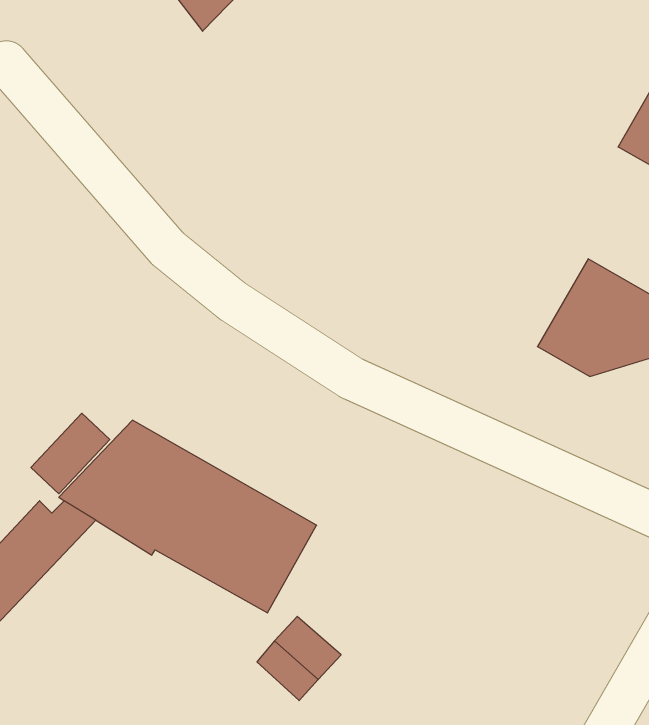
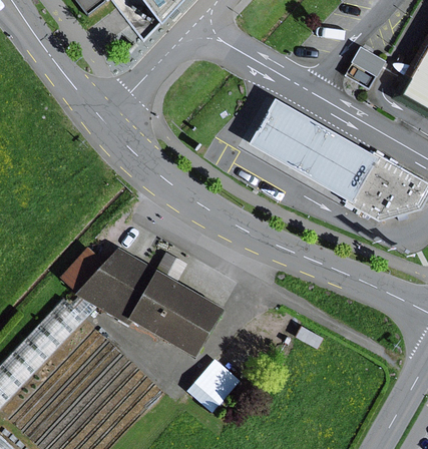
building: none -> [346,44,386,86]
building: none -> [249,97,380,205]

